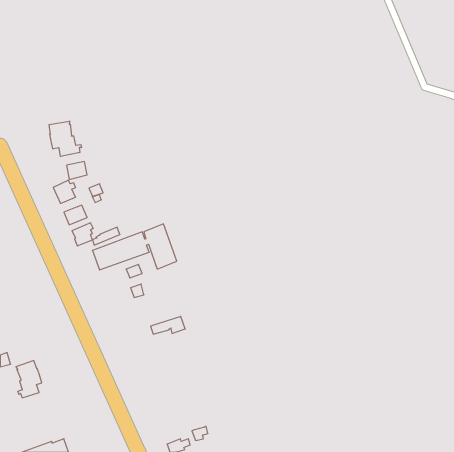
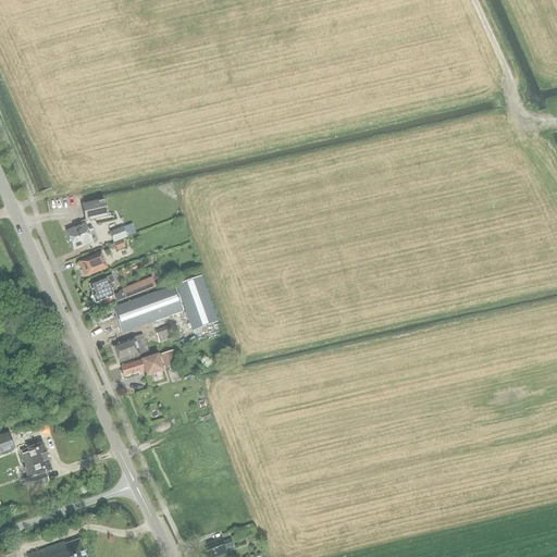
building: [49,121,81,156] -> none
building: none -> [112,333,148,361]
building: [151,316,185,334] -> [120,354,162,375]

